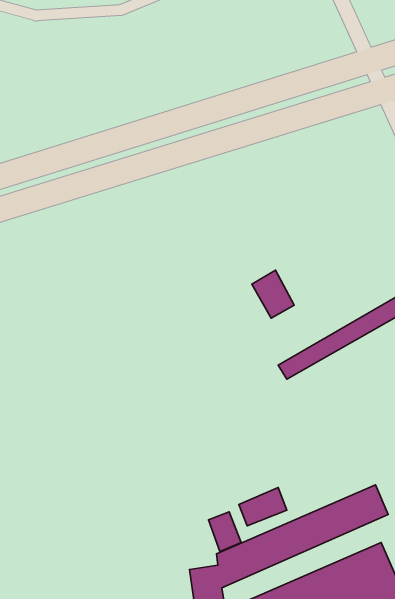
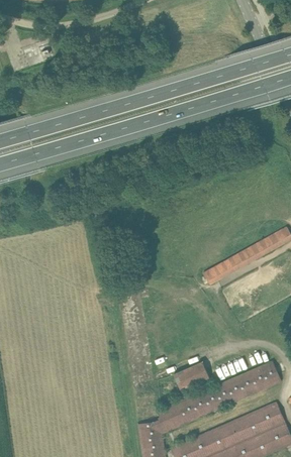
building: [252,270,294,318] -> none
building: [209,512,241,551] -> none

